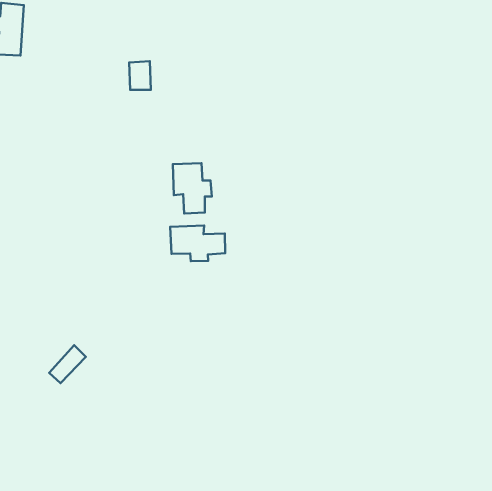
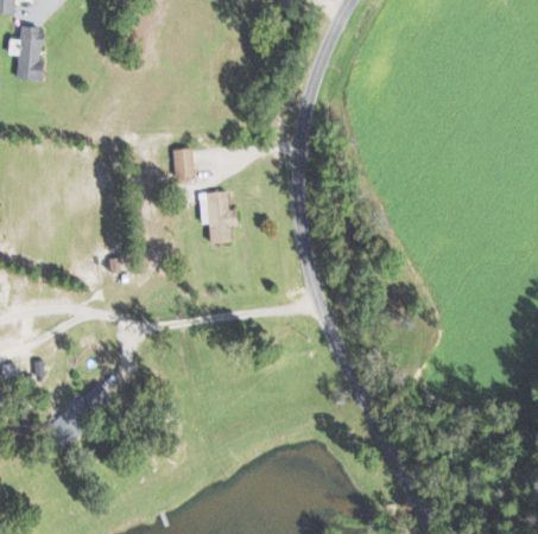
building: [129,61,151,90] -> [171,147,194,177]
building: [170,225,225,261] -> none

